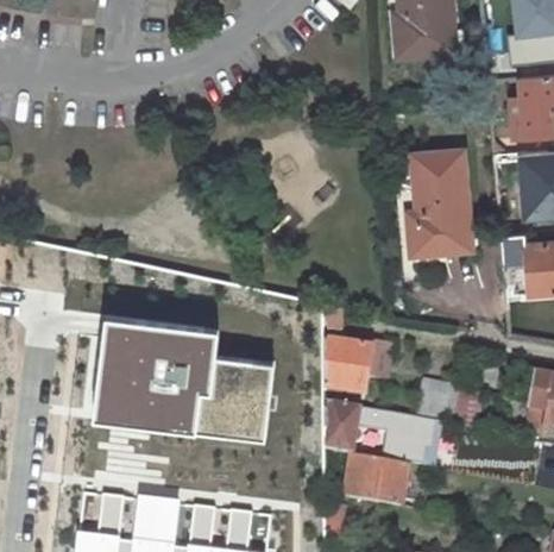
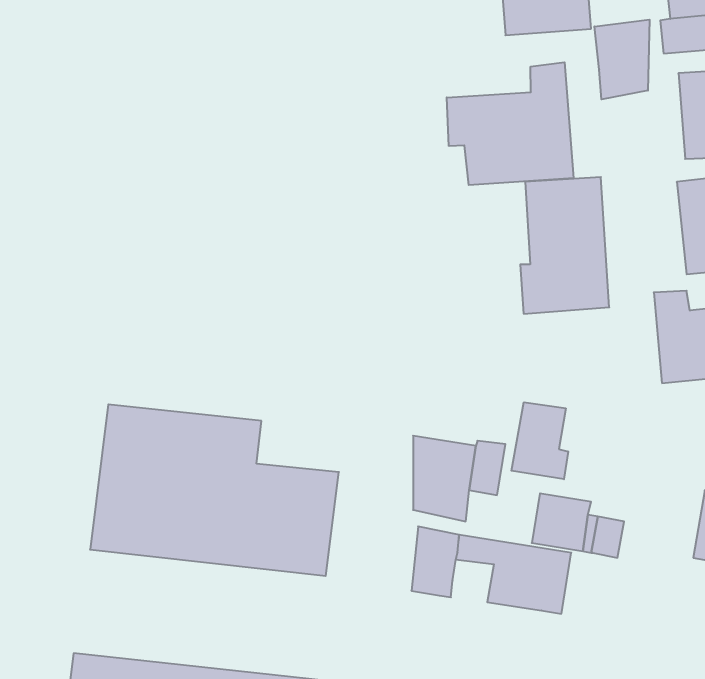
building: none -> [594,20,650,99]
building: none -> [447,62,574,185]
building: none -> [511,402,568,479]
building: [340,453,411,507] -> none

